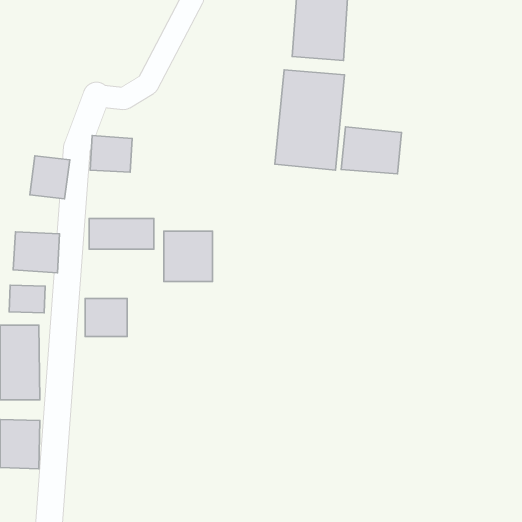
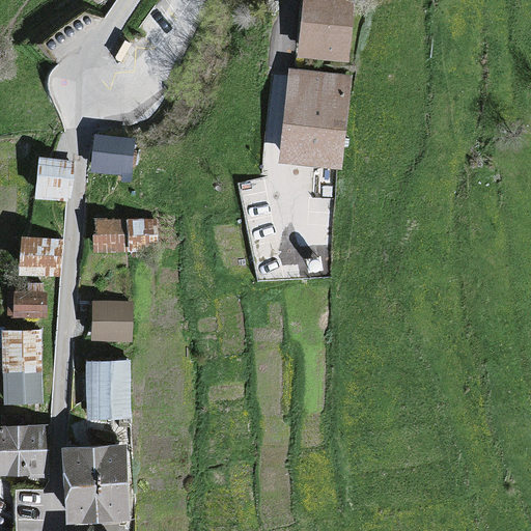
building: [341,127,402,174] -> none
building: [164,231,213,281] -> none
building: none -> [84,359,133,419]
building: none -> [60,443,127,523]

